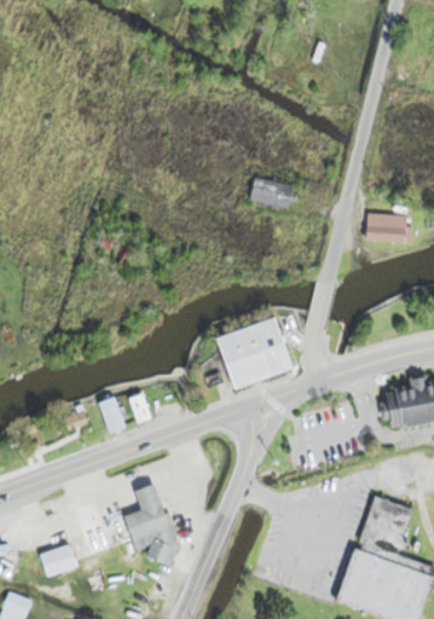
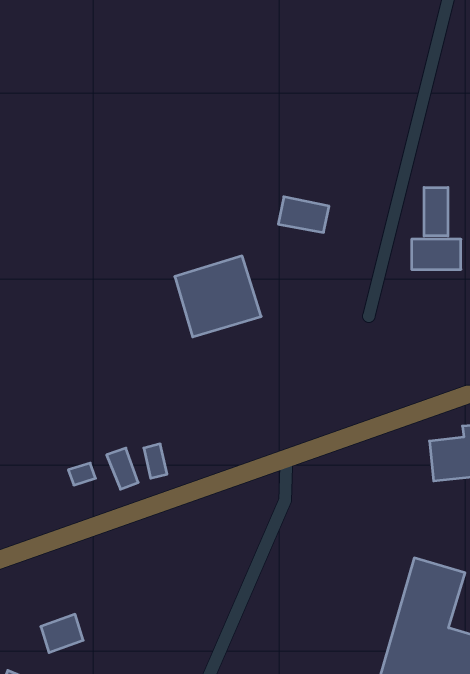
building: none -> [424,187,448,236]
building: [216,318,293,389] -> [175,256,261,337]
building: [125,484,178,563] -> none

